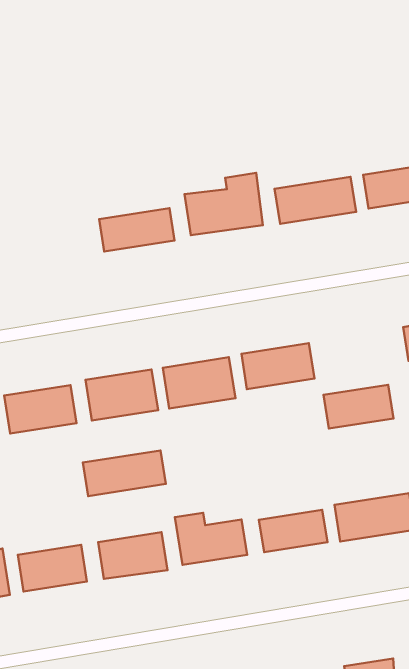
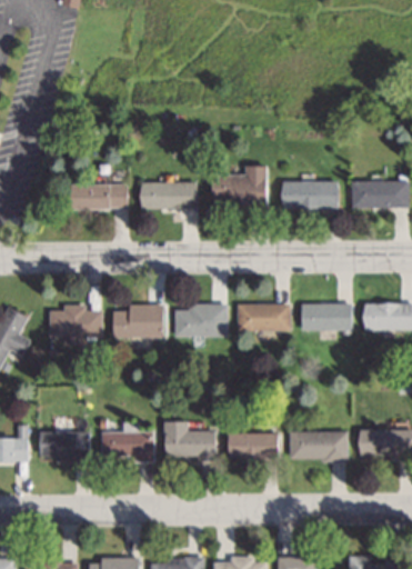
building: none -> [69,184,128,209]
building: [323,385,394,429] -> [300,303,351,330]
building: [83,450,166,496] -> none

